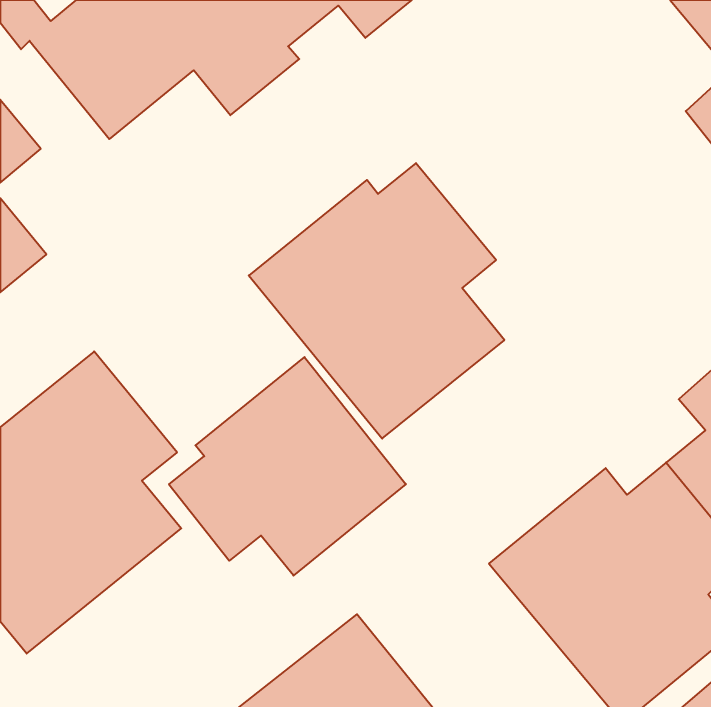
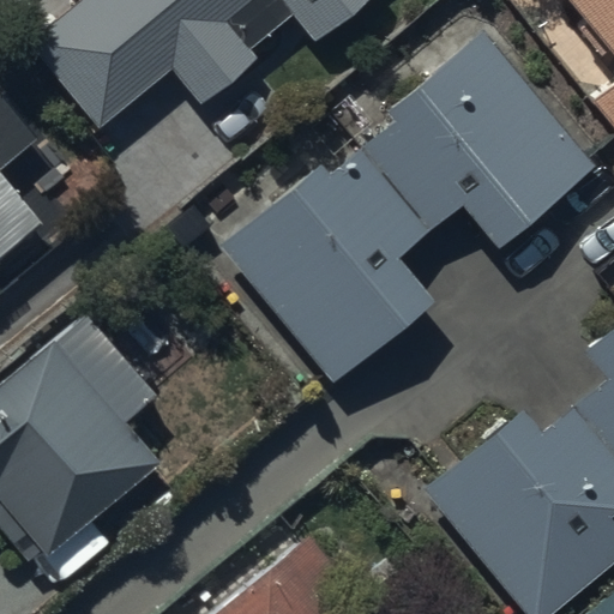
building: none -> [361,30,596,247]
building: [169,357,406,576] -> none

